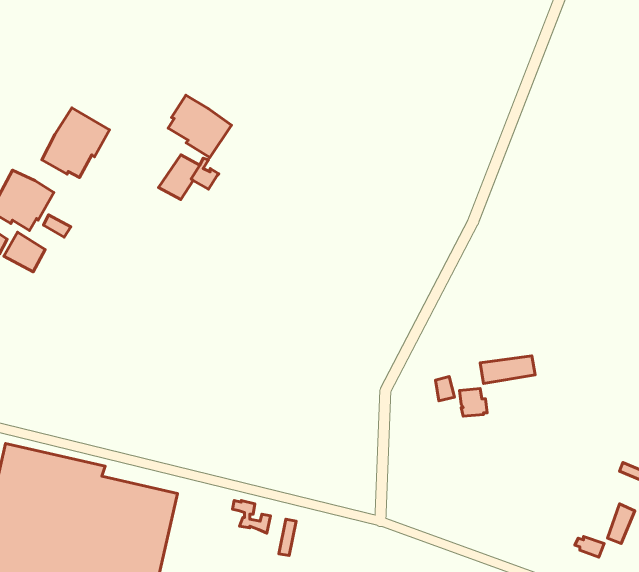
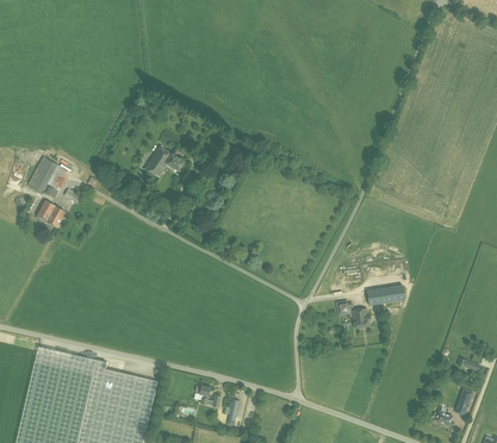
building: [168,95,231,157] -> none
building: [42,108,109,178] -> none

